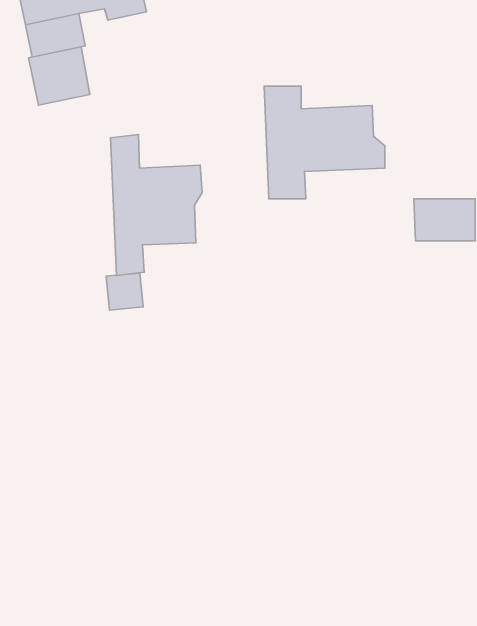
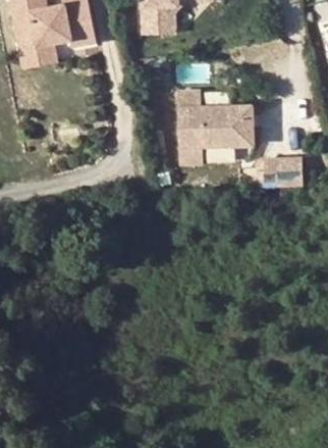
building: [28,47,90,105] -> none
building: [111,135,202,275] -> none

